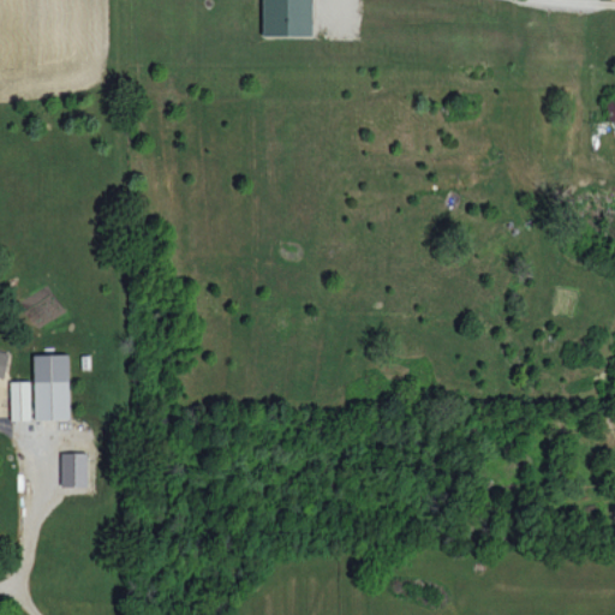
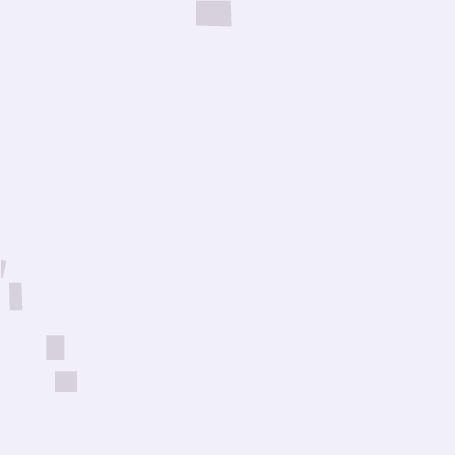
building: [34,354,70,419] -> none
building: none -> [54,371,78,393]

